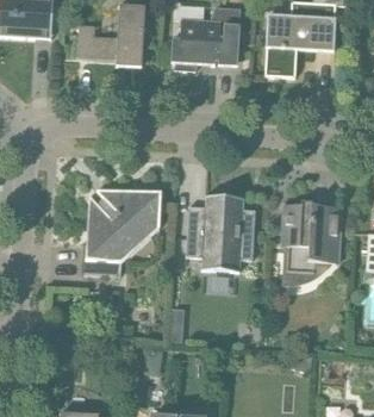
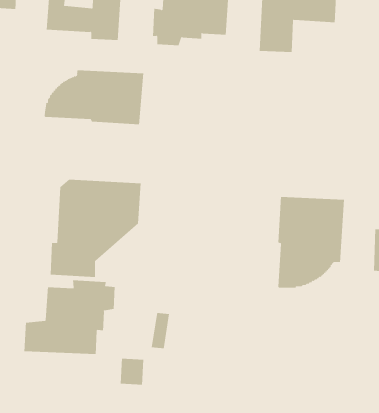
building: none -> [44,69,144,125]
building: [185,194,254,270] -> none
building: none -> [24,280,115,355]

